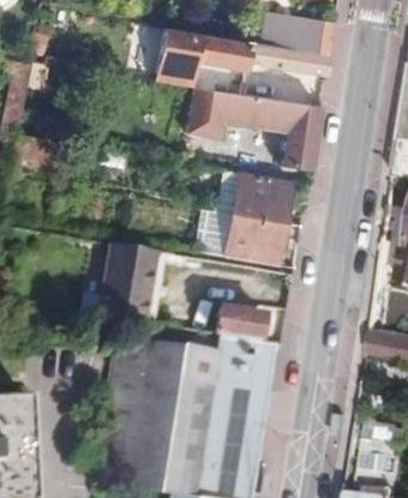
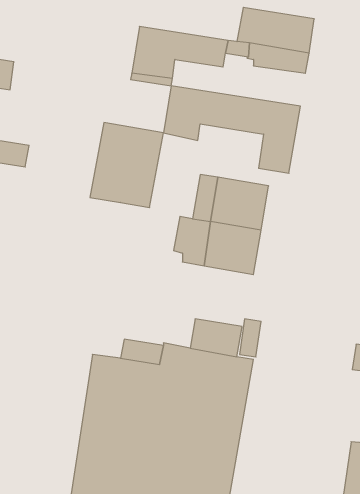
building: [96,244,166,324] -> [90,123,163,208]

